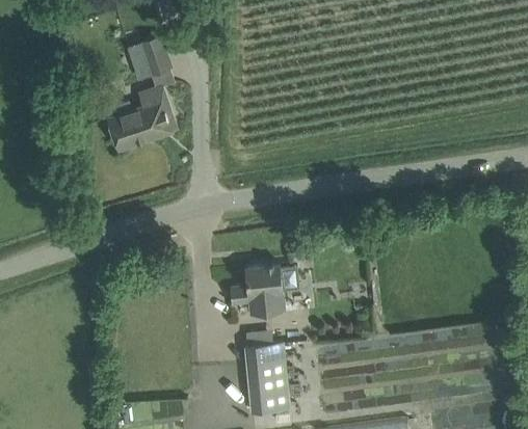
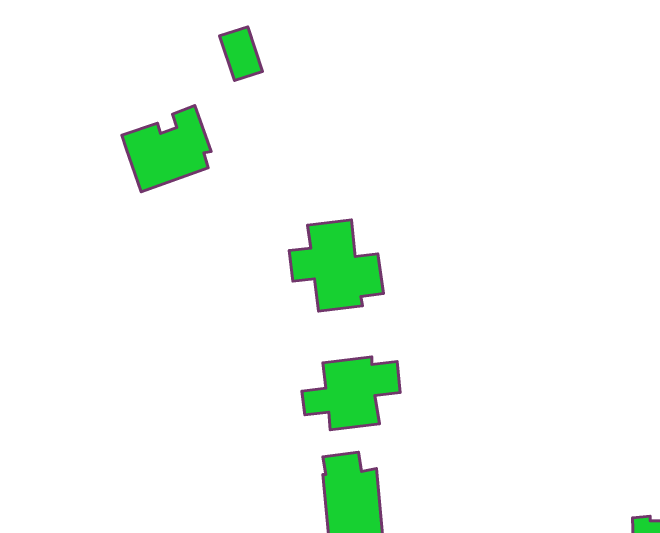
building: [139,41,169,78] -> [219,27,263,80]
building: none -> [289,220,384,311]

